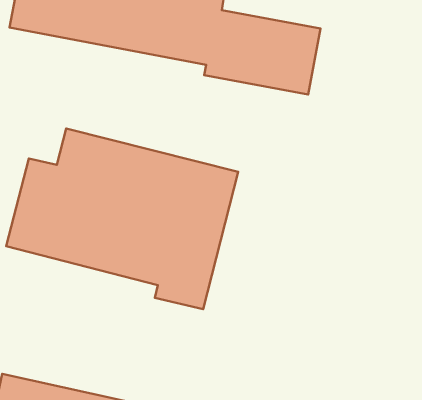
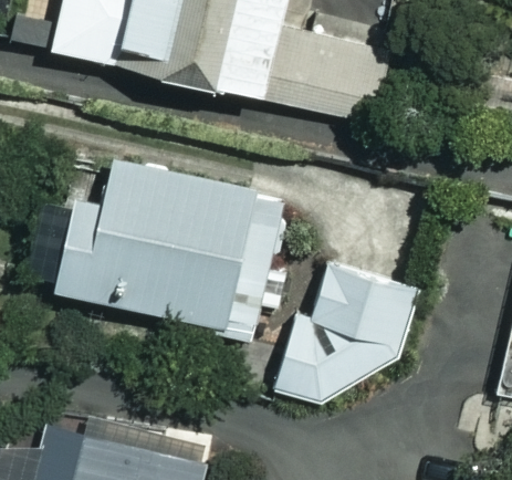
building: none -> [274,241,415,405]

